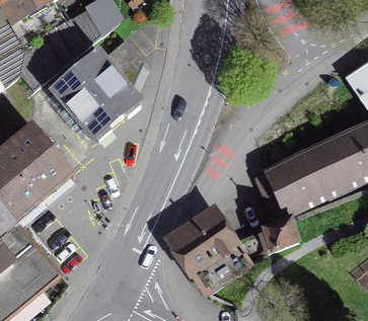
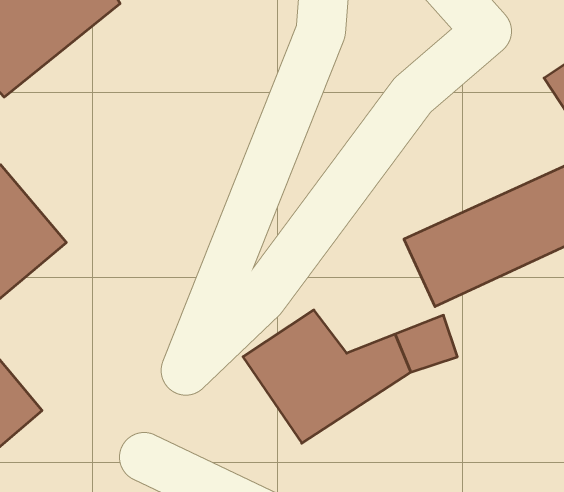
building: [51,37,141,132] -> none

